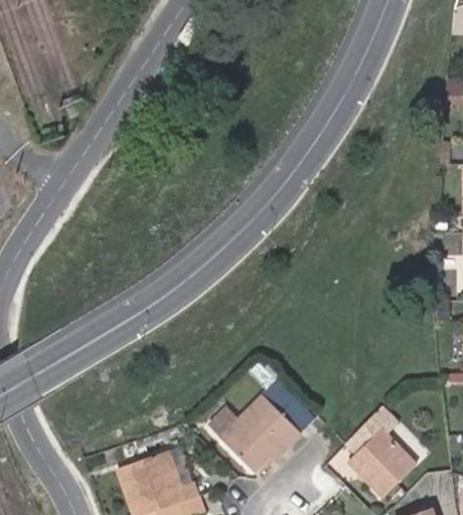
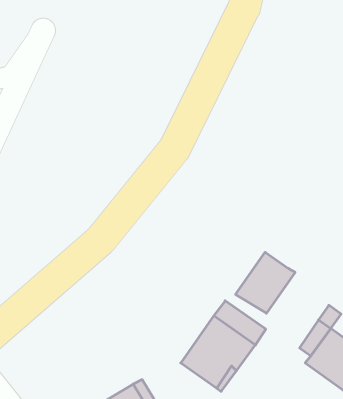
building: none -> [236,252,295,313]

